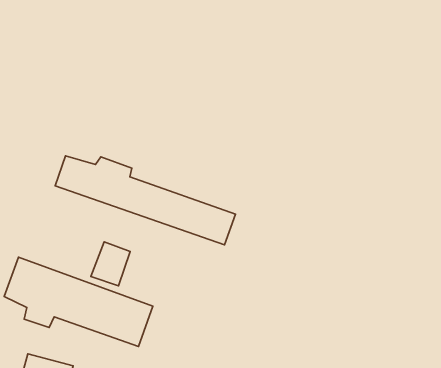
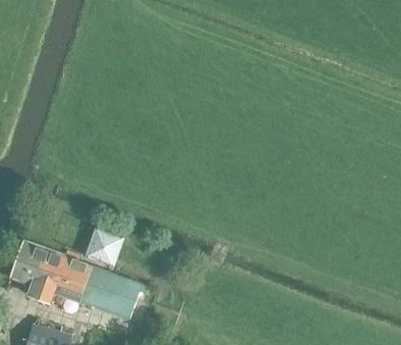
building: [55,156,236,245] -> none

